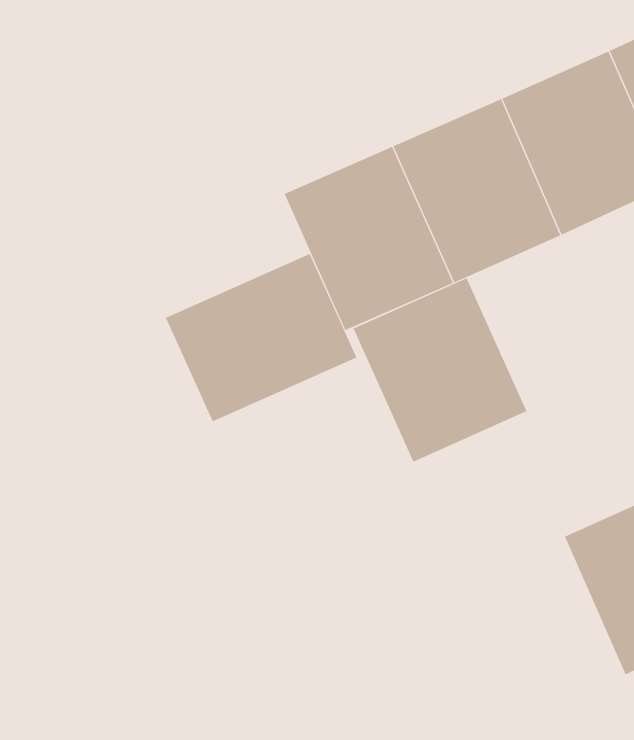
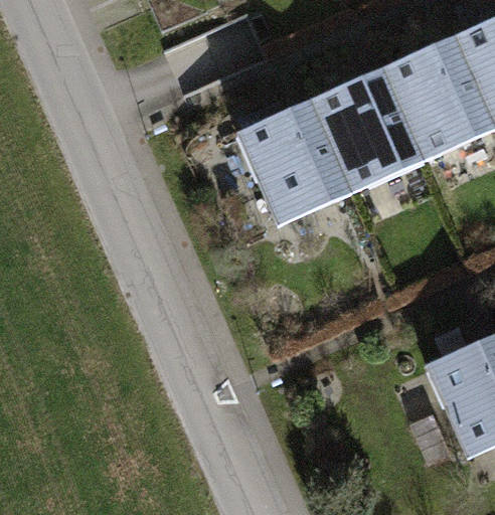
building: [165,253,357,422] -> none
building: [353,277,527,462] -> none

